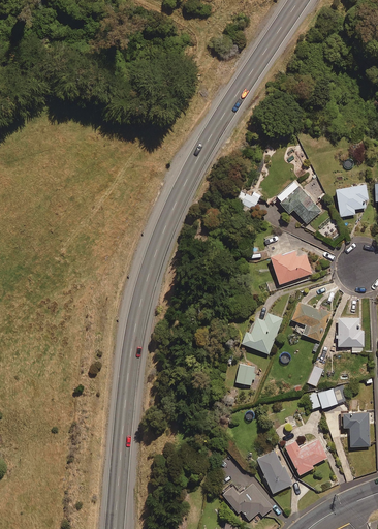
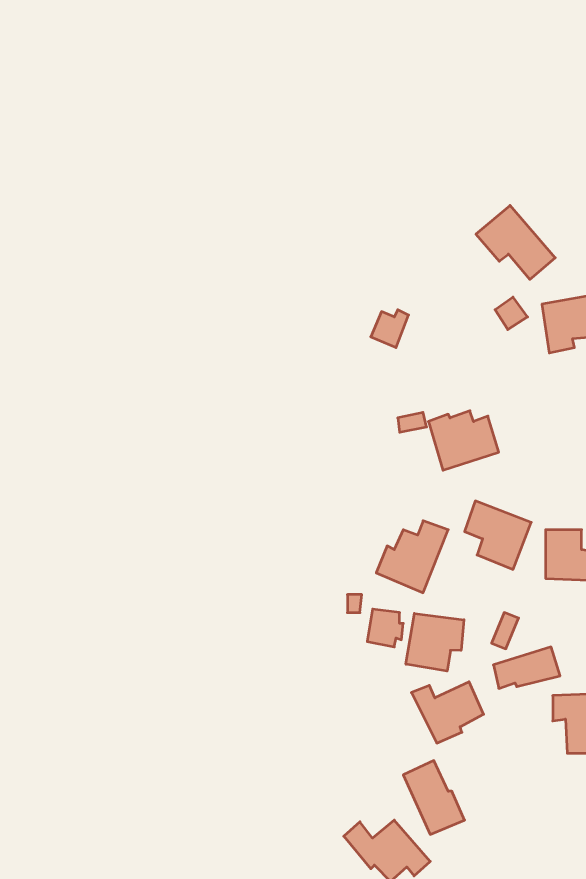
building: [275,181,320,223] -> [476,205,555,279]
building: none -> [406,613,464,671]
building: [284,439,325,474] -> [411,682,484,743]

